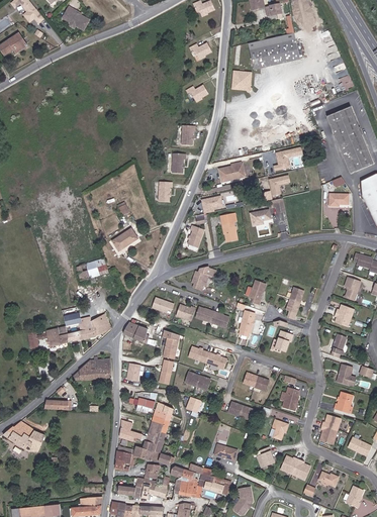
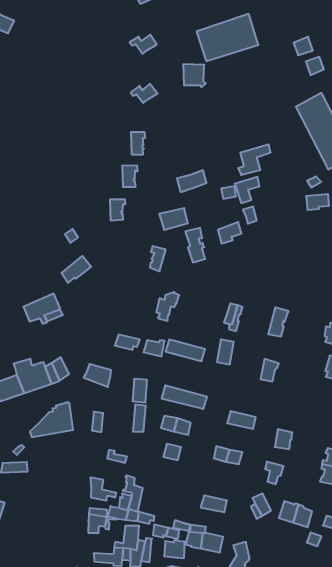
building: [152,402,173,432] -> none

